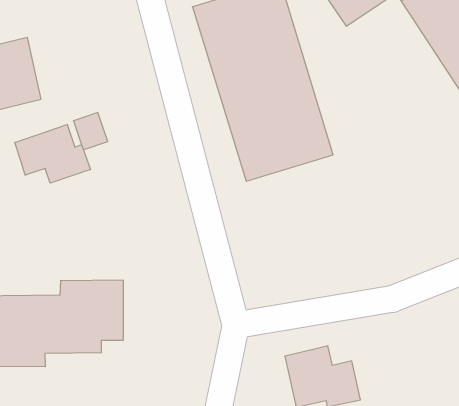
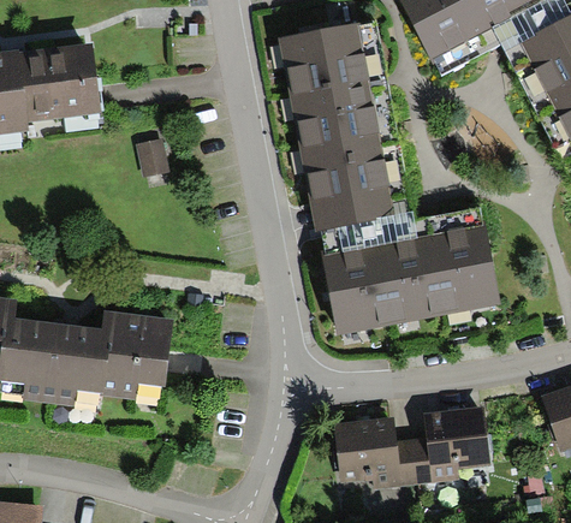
building: [15,124,90,183] -> none
building: none -> [321,201,499,329]
building: none -> [408,410,489,482]

